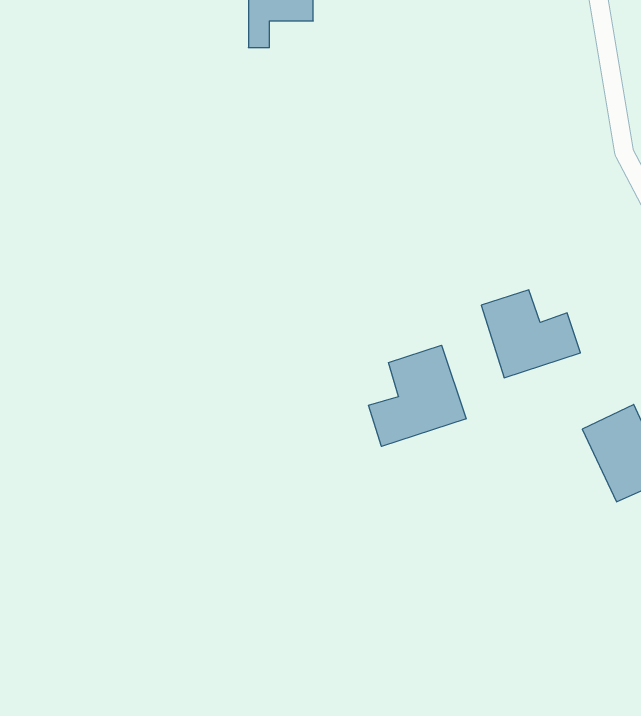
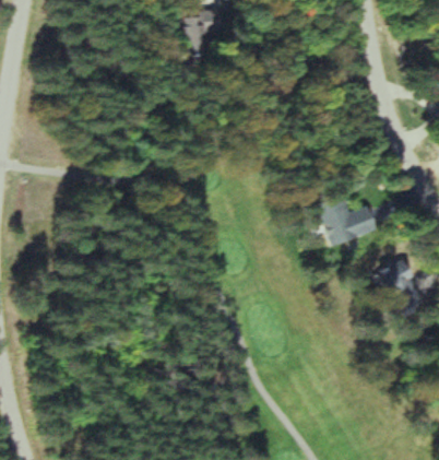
building: [368,345,466,446] -> none

